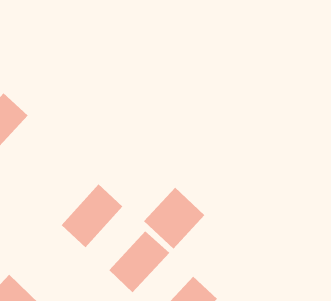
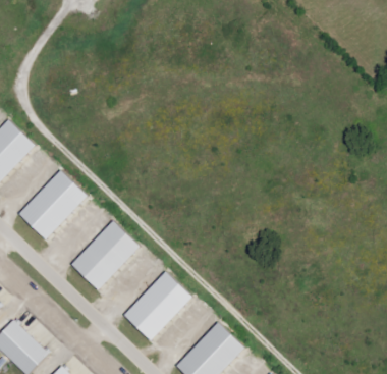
building: none -> [18,169,87,239]
building: [143,187,205,249] -> none

